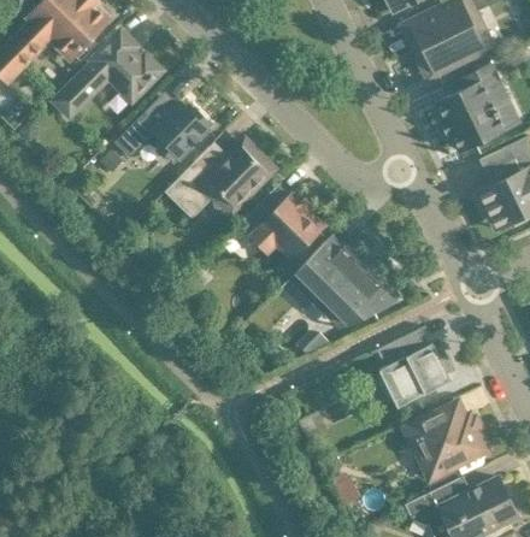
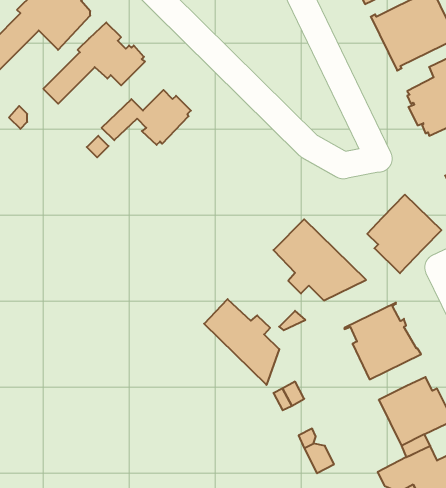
building: [167,143,272,214] -> none
building: [240,194,325,259] -> none
building: none -> [367,195,441,273]
building: none -> [204,299,279,385]

